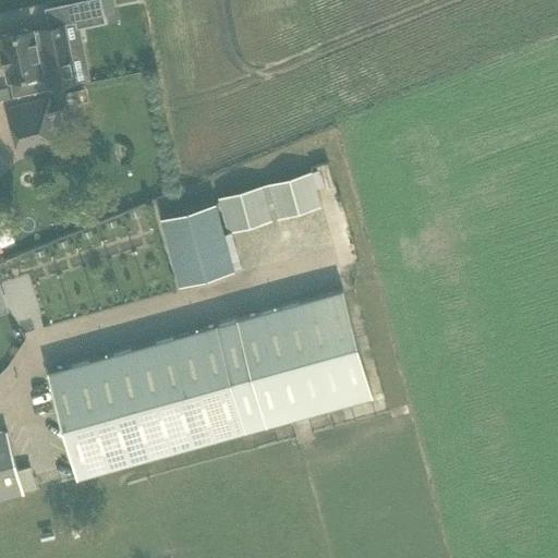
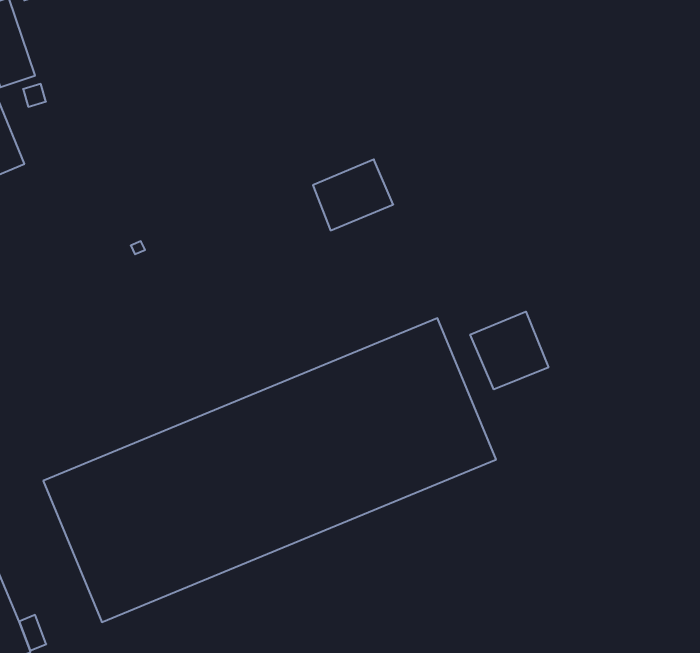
building: [217,187,272,234] -> none
building: [159,206,232,288] -> none
building: none -> [470,312,548,389]

